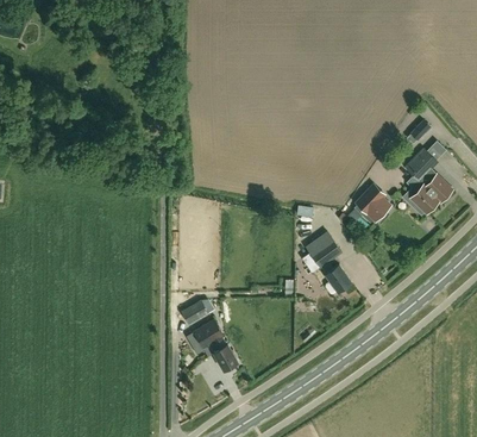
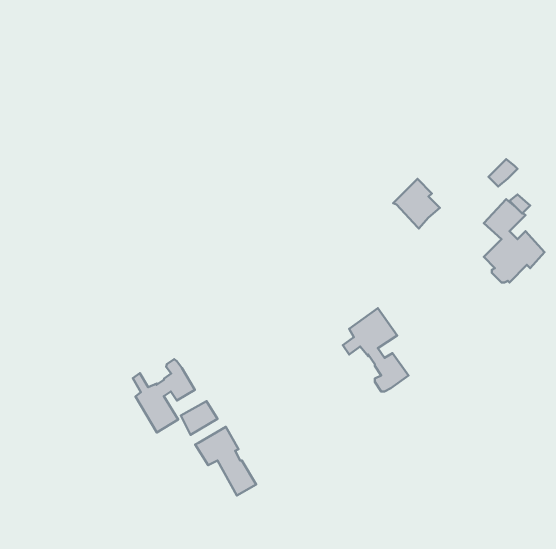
building: [356,185,390,221] -> [393,179,440,229]
building: none -> [133,359,195,432]

